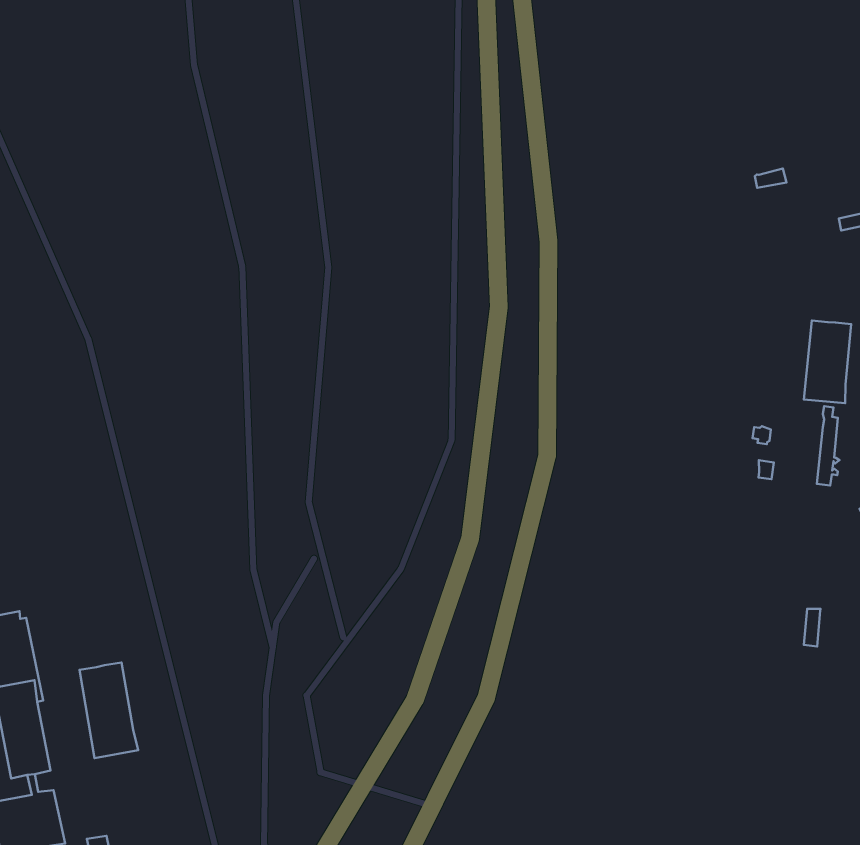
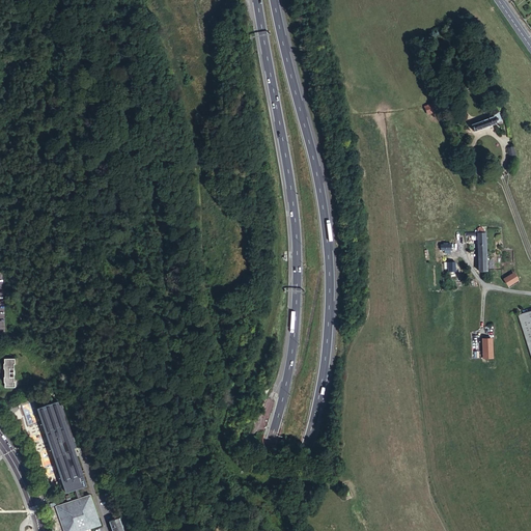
building: [804,320,851,403] -> none
building: [79,663,138,758] -> none

